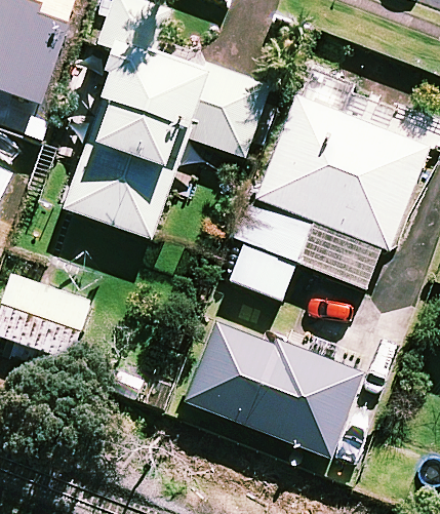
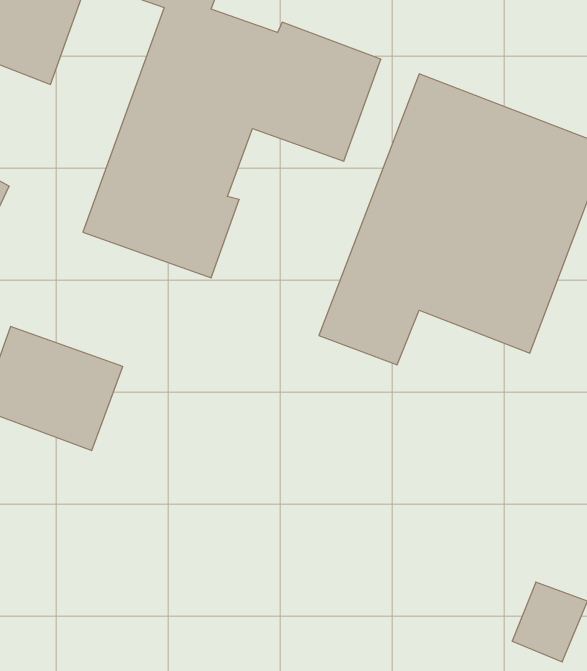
building: [186,319,362,456] -> none

